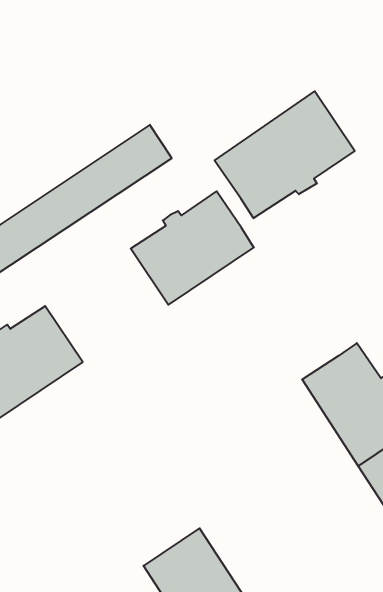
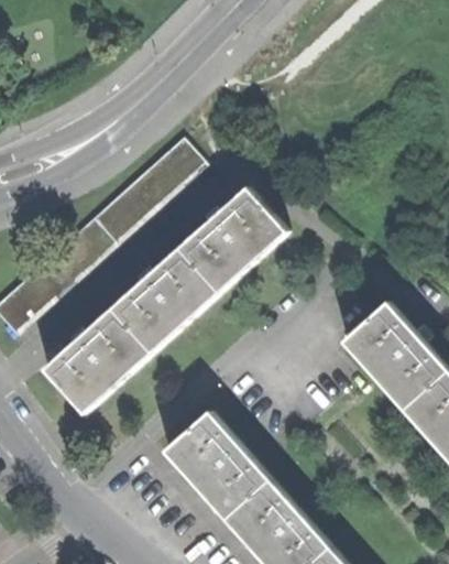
building: [215,91,355,218] -> none
building: none -> [112,248,219,352]
building: none -> [166,411,274,522]

